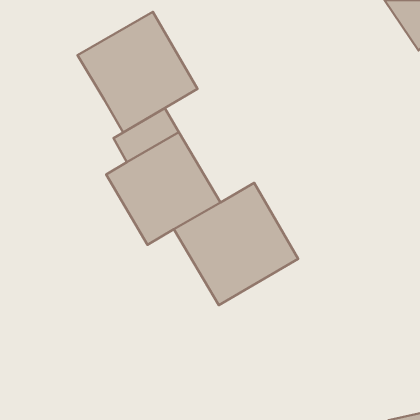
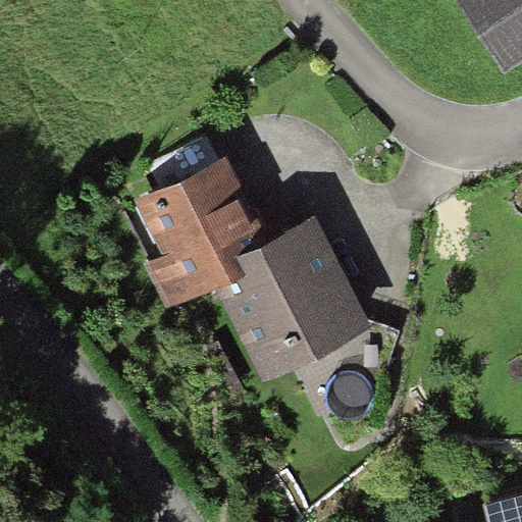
building: [78,12,198,132] -> none

